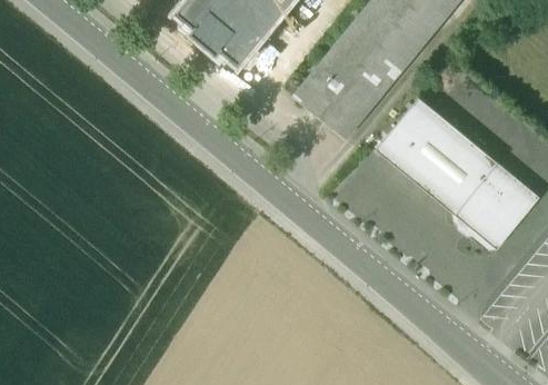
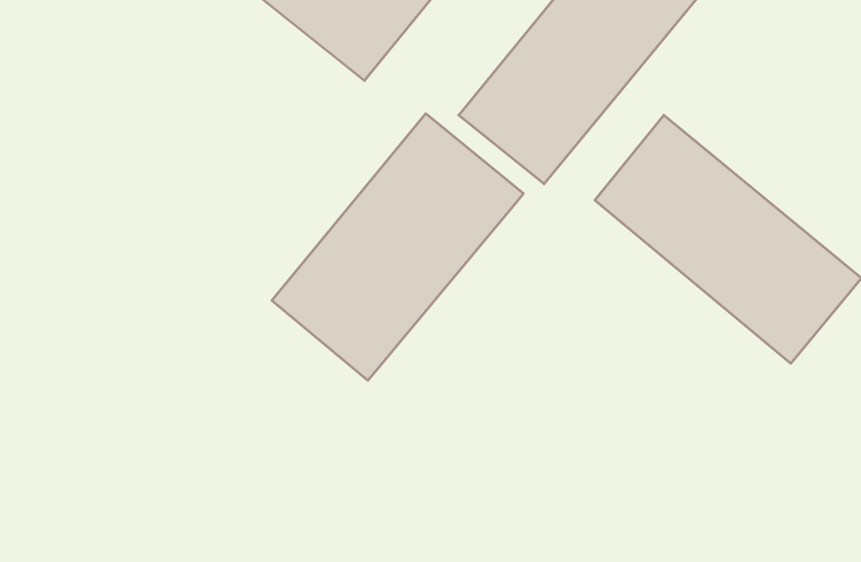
building: none -> [272,114,523,380]

